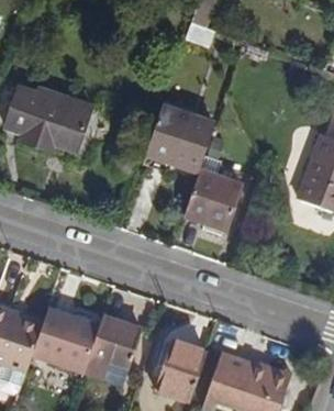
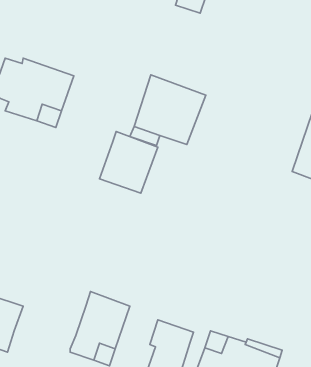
building: [181,170,238,231] -> [99,132,158,193]
building: [29,310,99,370] -> none

